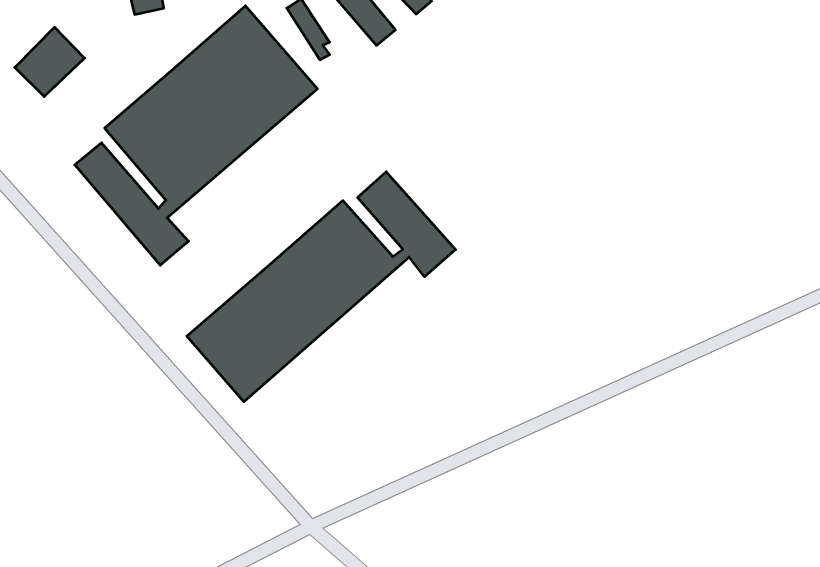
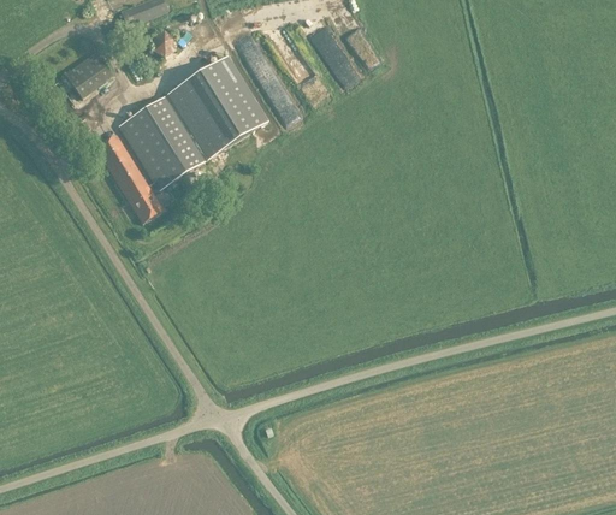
building: [187,172,456,402] -> none

